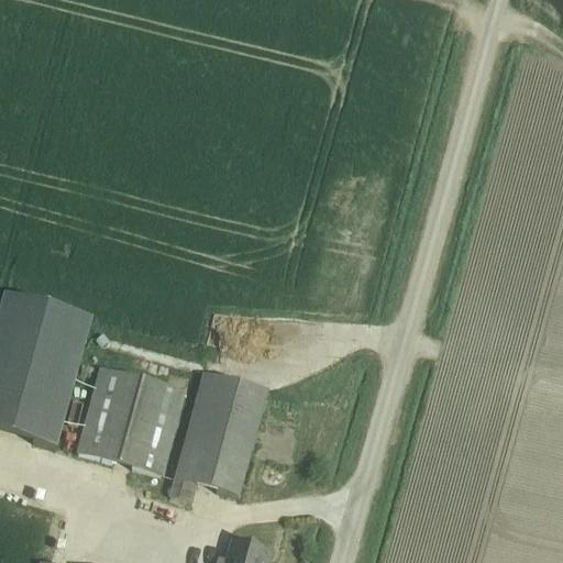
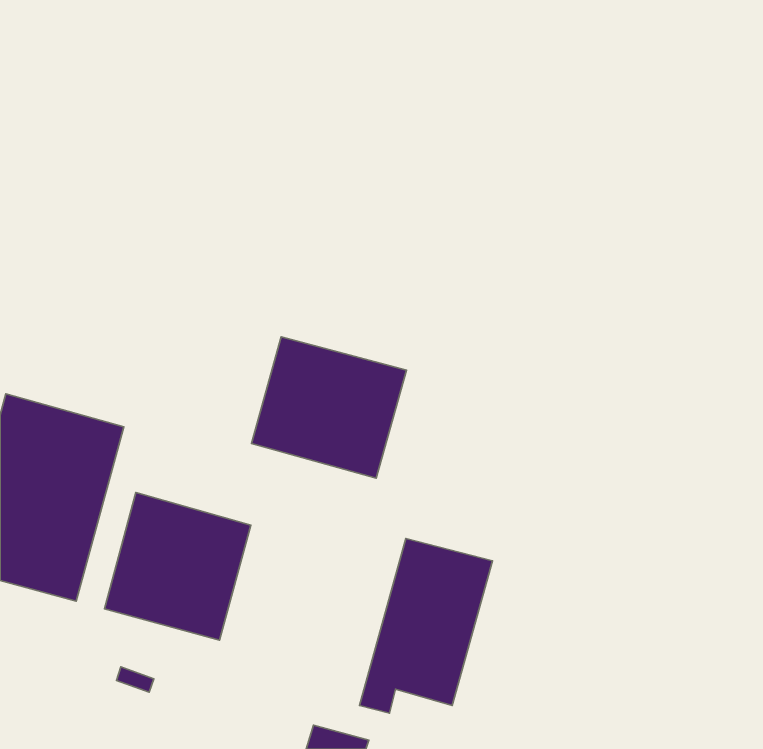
building: none -> [252,337,407,478]
building: [169,369,267,498] -> [360,538,492,713]

